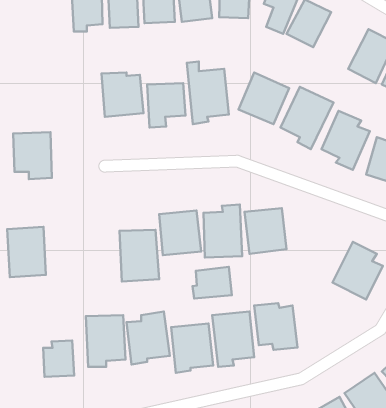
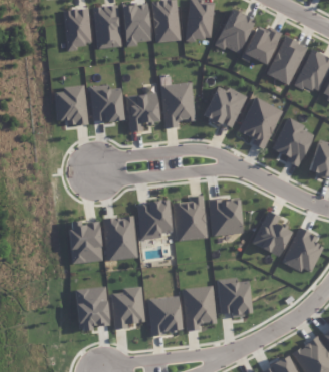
building: none -> [267,36,307,84]
building: [13,132,52,179] -> [55,87,87,126]
building: none -> [252,211,292,257]
building: [7,227,46,277] -> [70,221,102,263]
building: [192,267,232,299] -> none
building: [43,340,74,377] -> none

